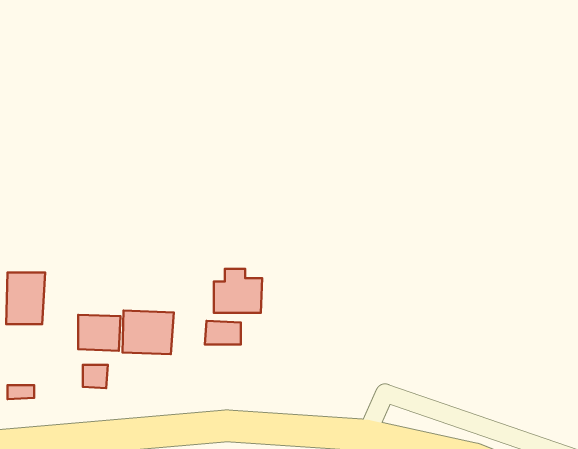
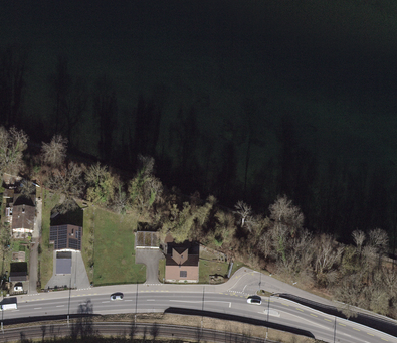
building: [214,269,262,313] -> [167,248,198,277]
building: [122,311,174,354] -> none

